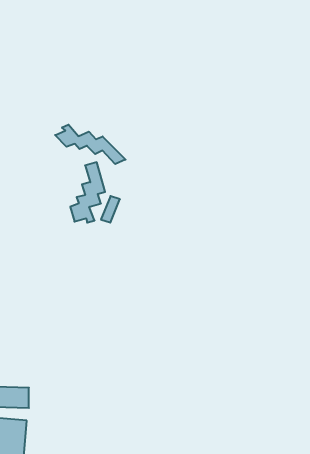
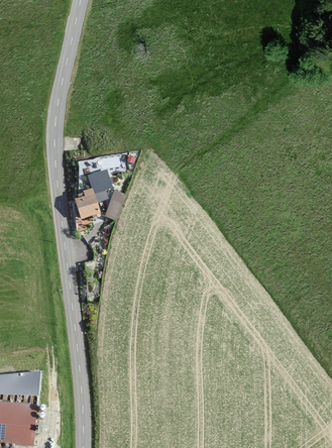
building: [55,125,126,164] -> none

